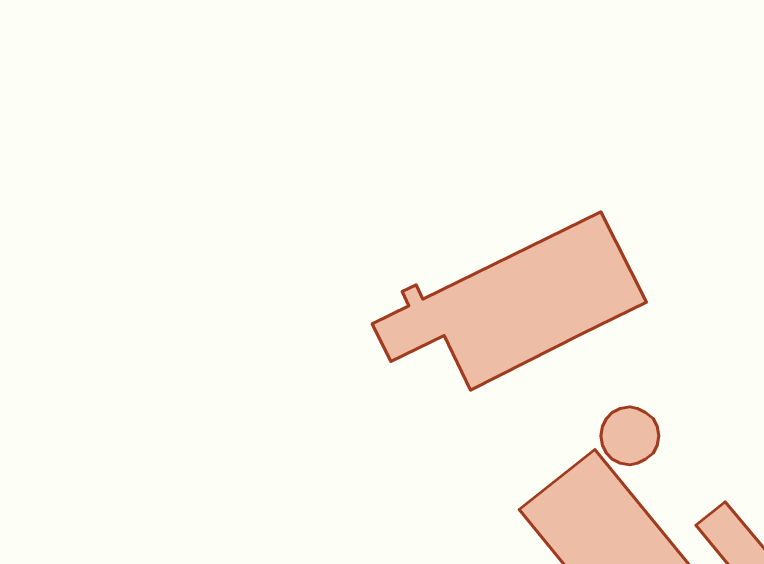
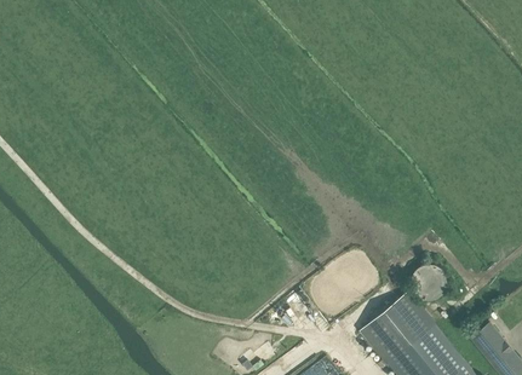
building: [372,212,646,390] -> none

